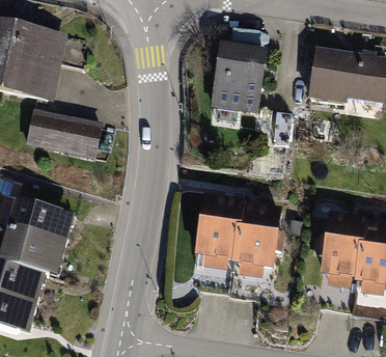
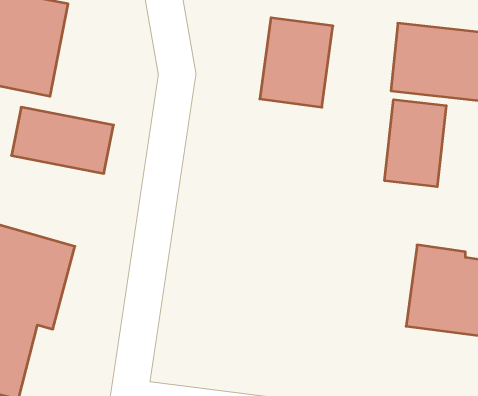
building: none -> [385,100,446,187]
building: [196,194,282,264] -> none

